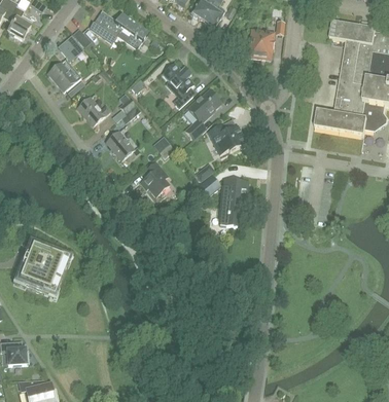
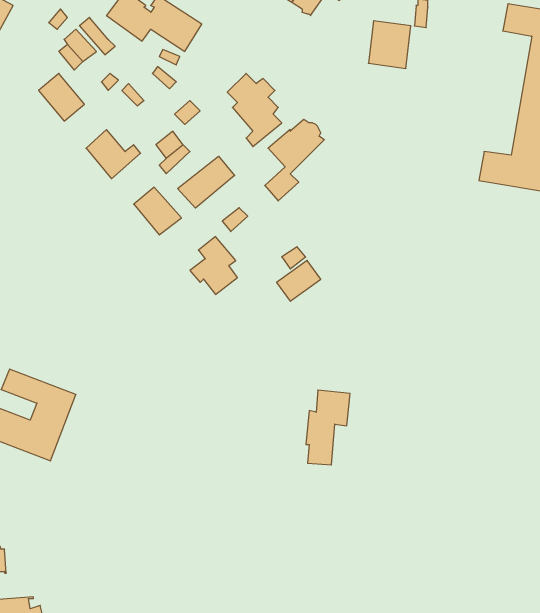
building: none -> [178,156,235,208]
building: [208,118,249,152] -> none
building: [221,180,248,225] -> [306,390,350,465]

